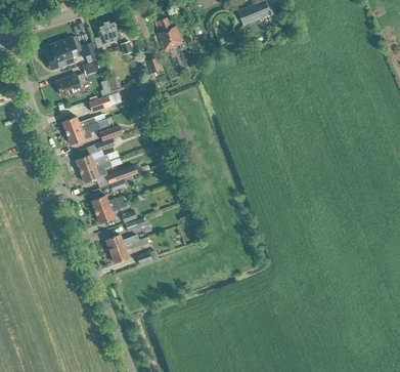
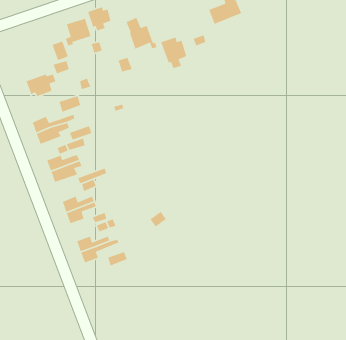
building: none -> [87,6,112,32]
building: [44,36,80,71] -> none
building: none -> [160,36,187,69]

